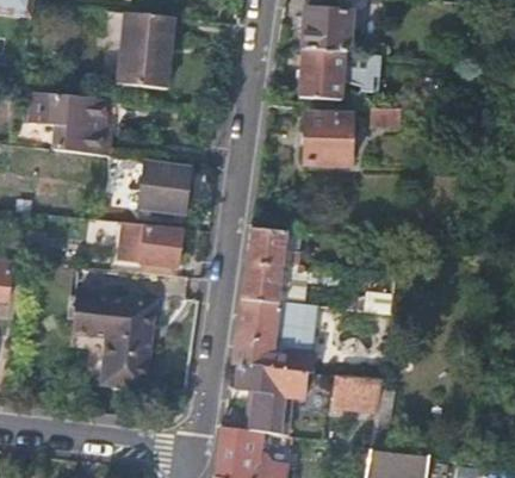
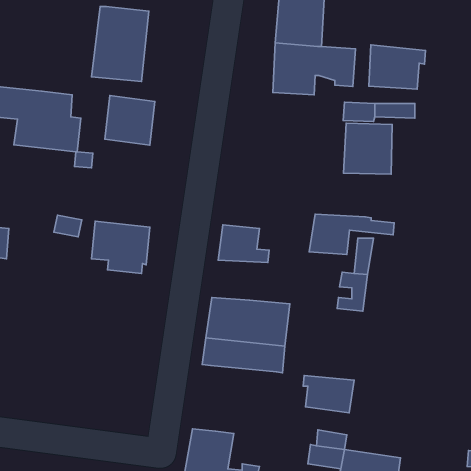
building: none -> [369,45,426,89]
building: [304,116,352,166] -> [344,123,392,174]
building: [138,164,187,213] -> [105,95,155,145]
building: [241,262,324,302] -> [309,214,394,254]
building: [70,294,149,387] -> none
building: [237,366,304,435] -> none

